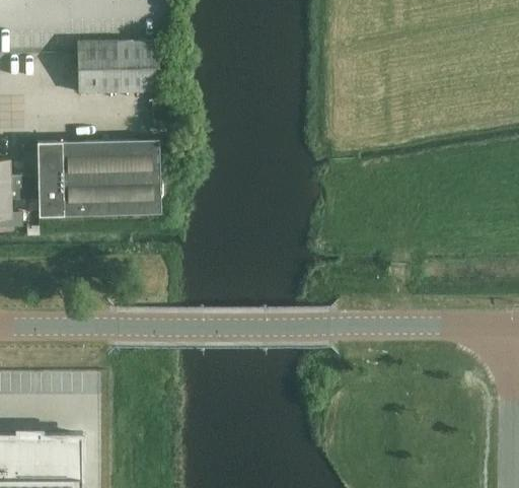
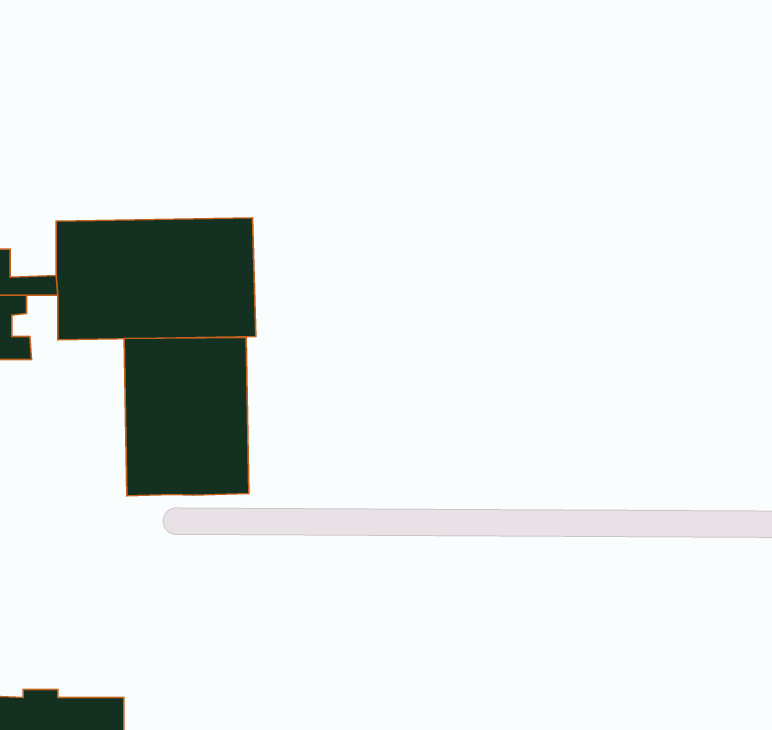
building: [77,41,158,93] -> none
building: none -> [124,338,249,496]

